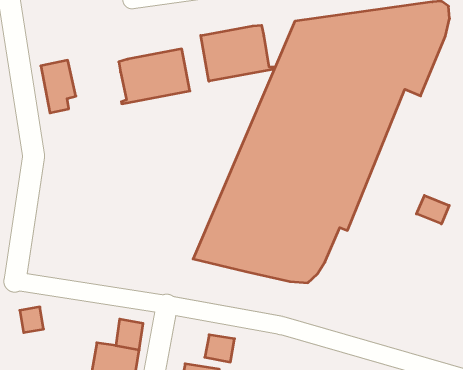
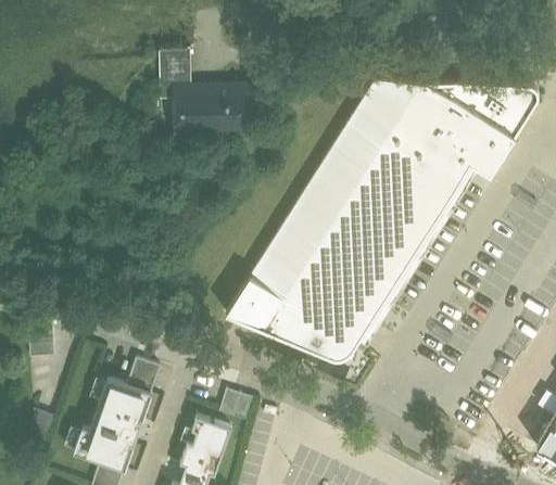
building: [201,25,274,81] -> none
building: [41,60,76,113] -> [159,52,190,104]
building: [416,195,449,224] -> none

